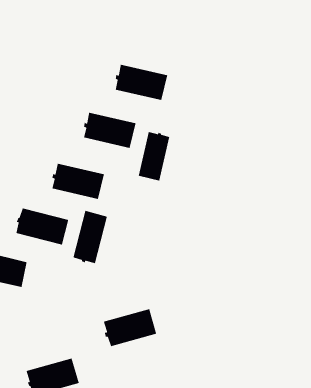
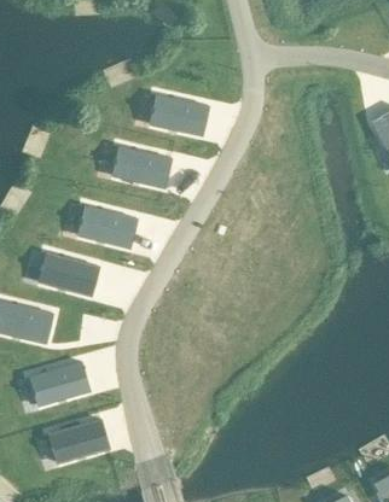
building: [138,131,170,181] -> none
building: [72,210,108,264] -> none
building: [103,308,157,347] -> [29,361,89,404]

